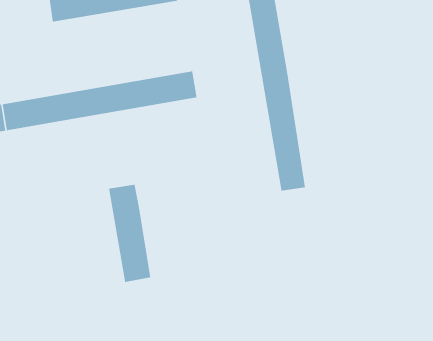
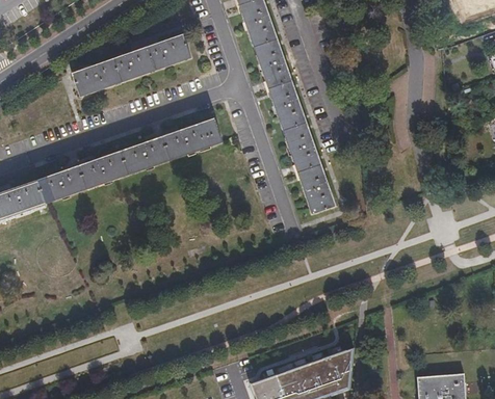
building: [108,184,151,283] -> none

